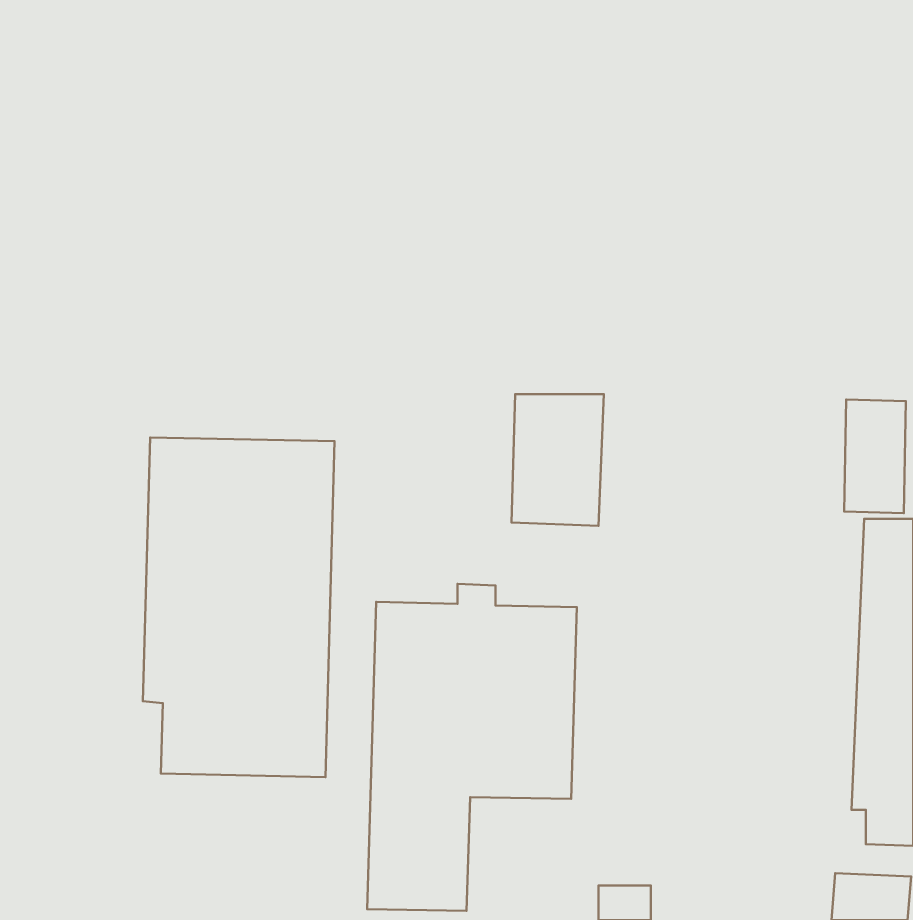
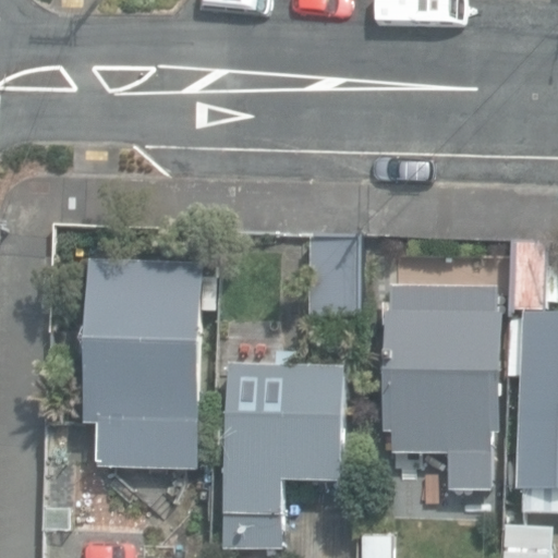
building: none -> [380,282,502,489]

